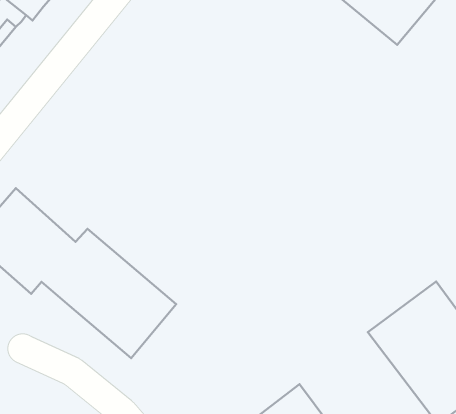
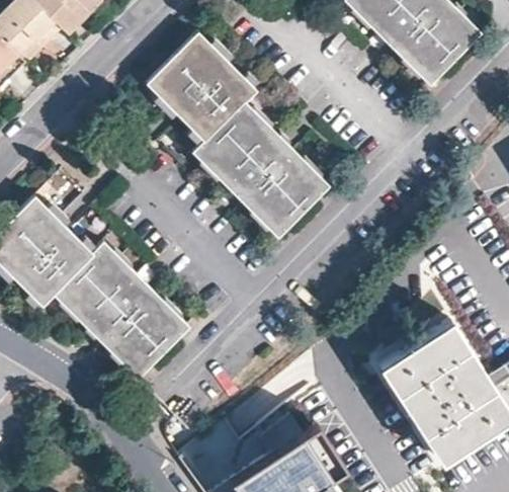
building: none -> [150,33,328,236]

